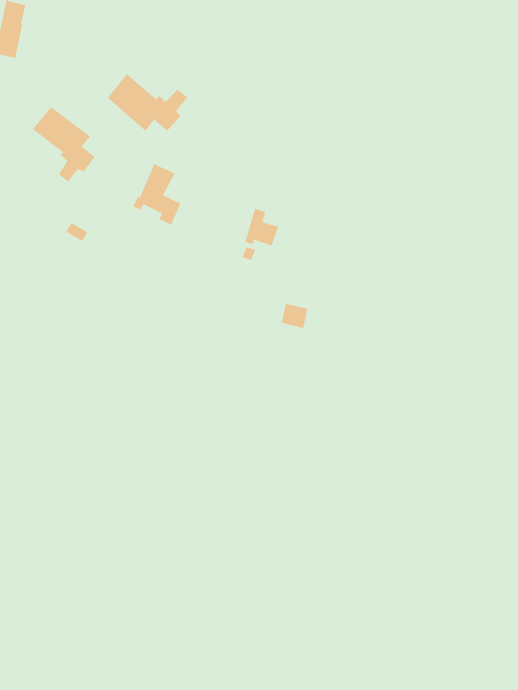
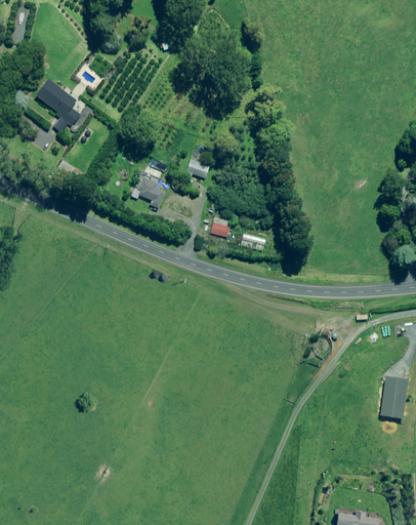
building: [107,73,188,132] -> none
building: [132,163,181,225] -> [131,164,166,208]

